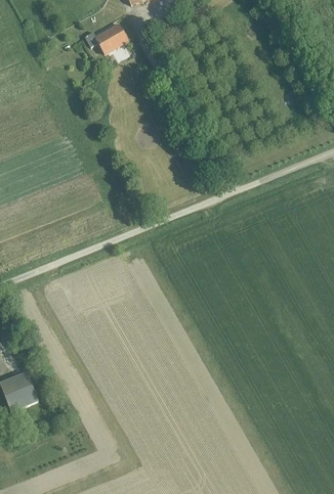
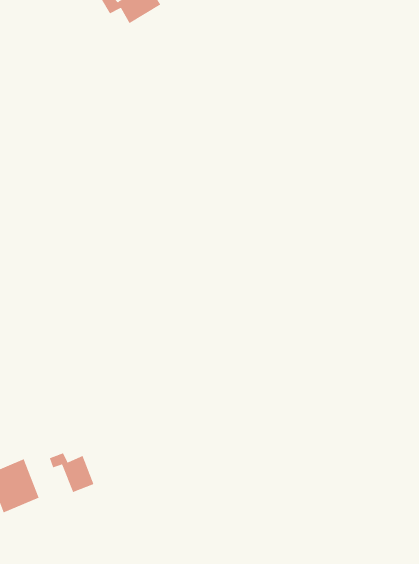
building: none -> [49,452,94,493]

